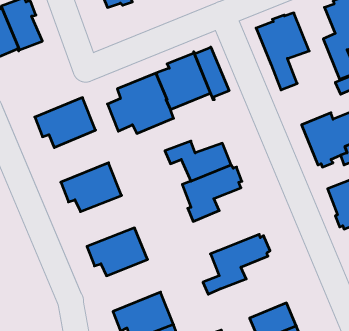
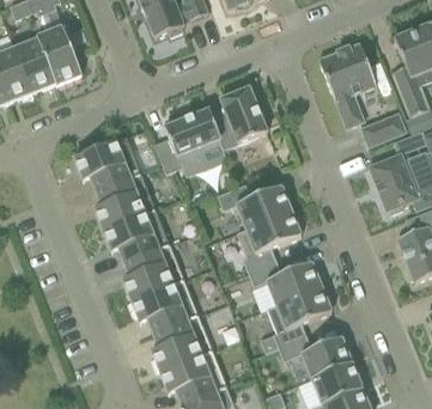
building: [194,47,229,100] -> none
building: none -> [361,112,406,146]
building: none -> [95,172,156,230]
building: none -> [123,244,184,300]
building: none -> [249,261,322,305]
building: none -> [151,315,213,372]
building: none -> [279,336,354,379]

